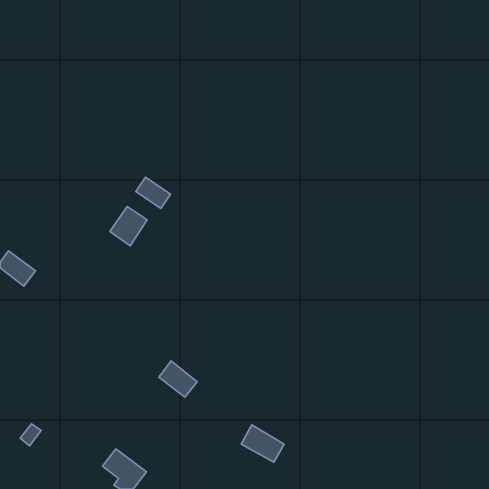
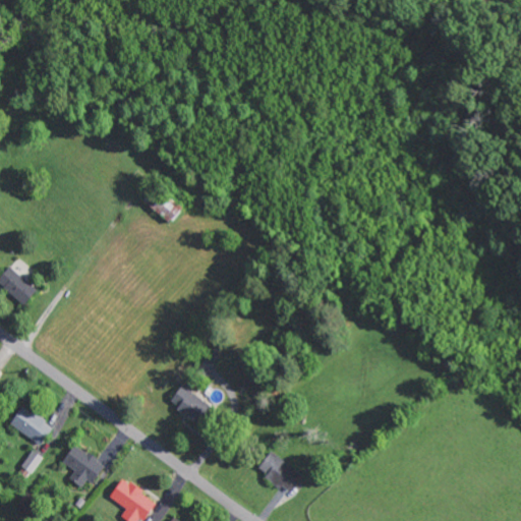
building: [110,206,147,246] -> none
building: none -> [10,405,53,445]
building: none -> [62,444,103,489]

